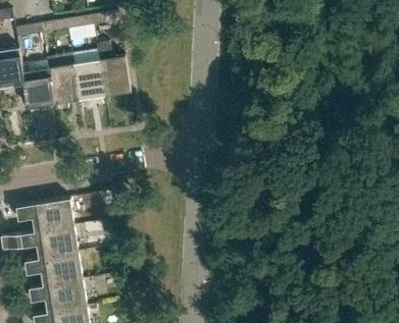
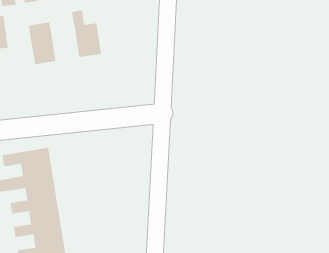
building: [69,50,102,99] -> none
building: [19,60,52,107] -> none

